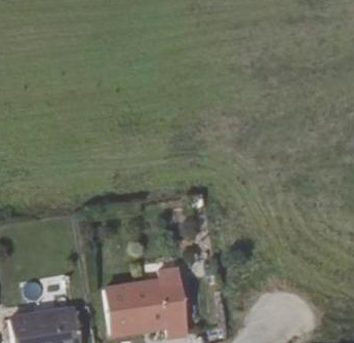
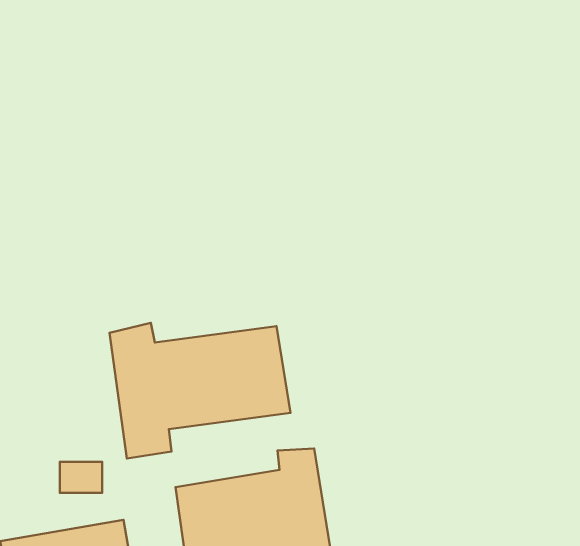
building: none -> [109,323,290,458]

